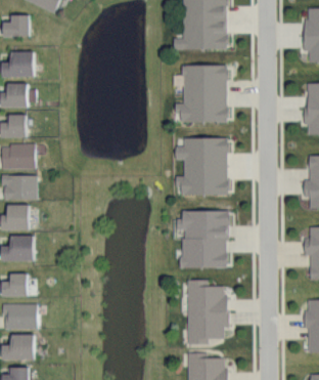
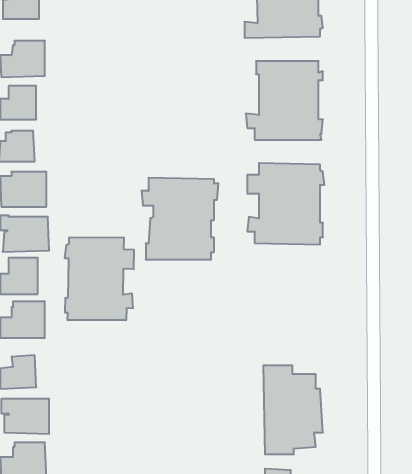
building: none -> [65,237,134,320]
building: [177,211,231,268] -> [141,178,219,259]

